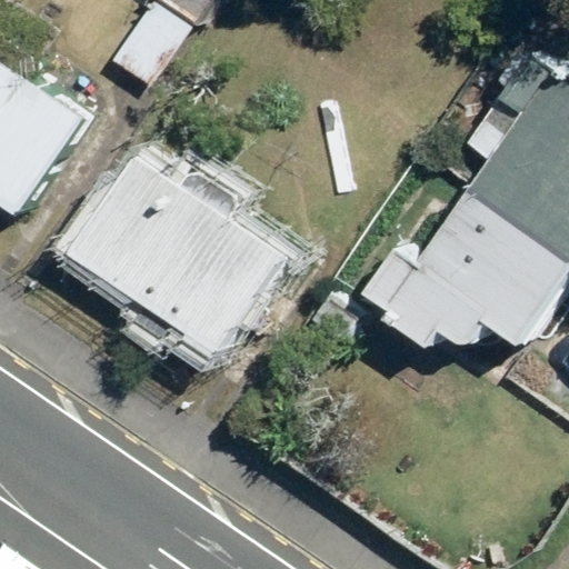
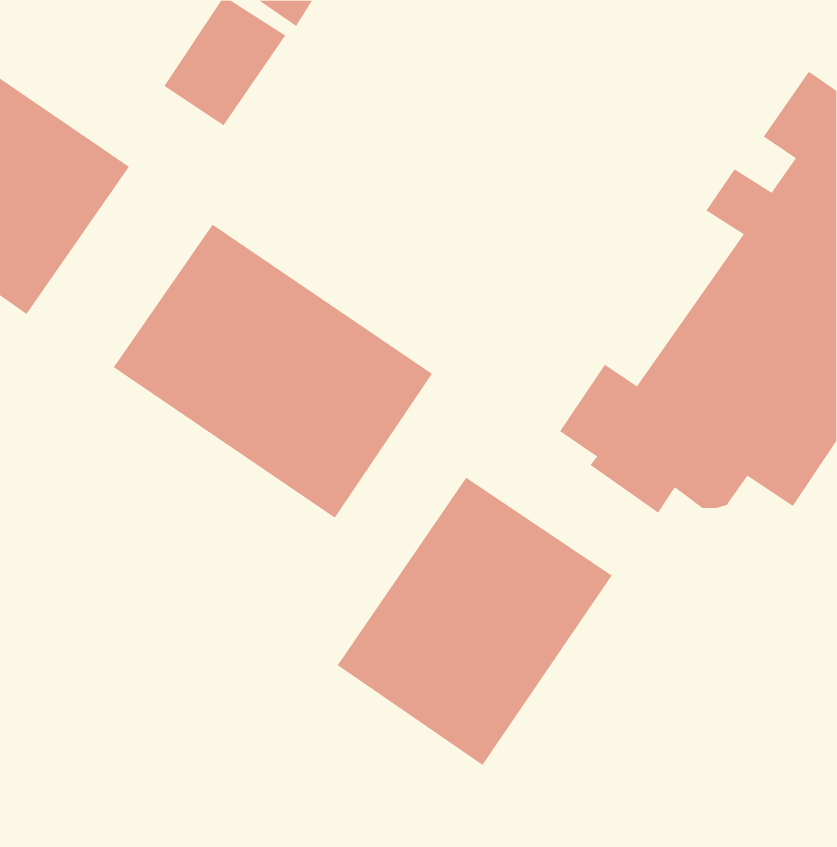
building: none -> [337,477,612,766]

